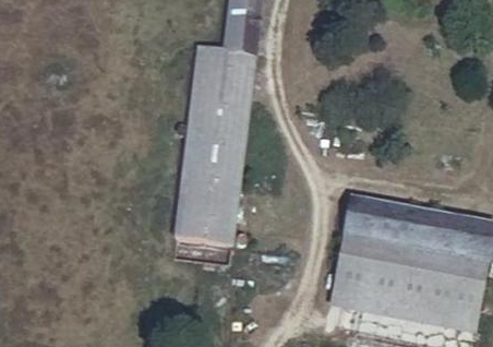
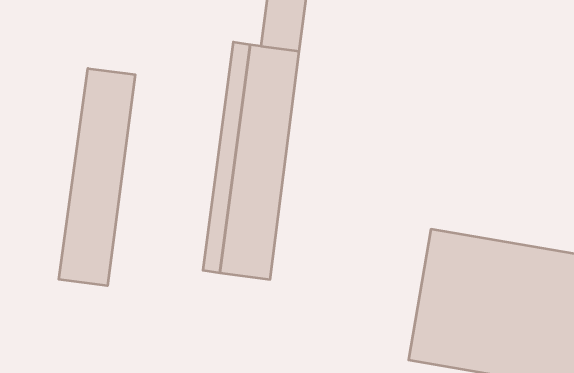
building: none -> [59,68,135,286]

